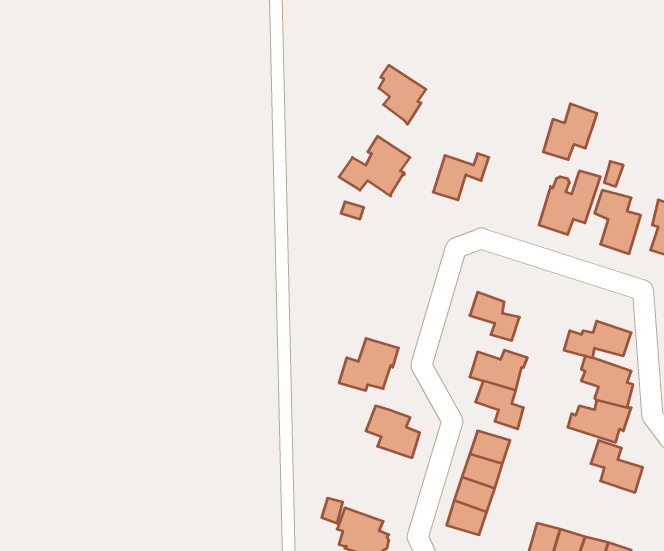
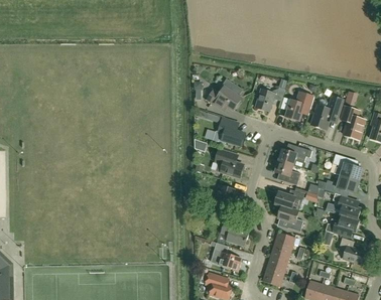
building: [379,65,426,124] -> none
building: [543,104,597,160] -> [285,92,313,121]
building: none -> [213,118,245,146]
building: none -> [276,146,311,168]
building: none -> [214,149,243,178]
building: none -> [332,154,363,181]
building: none -> [210,241,241,270]

